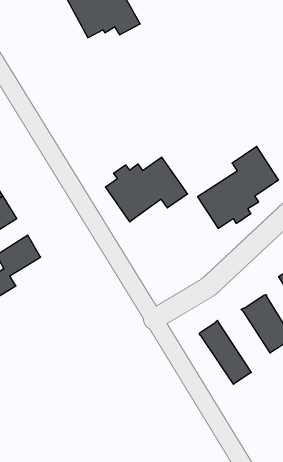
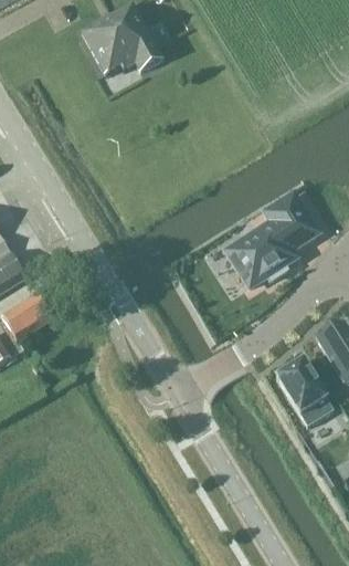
building: [105,157,188,222] -> none
building: [199,320,251,384] -> none

